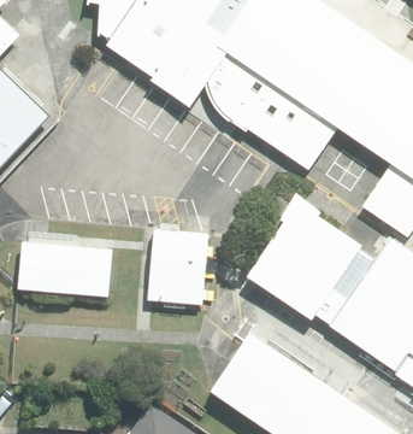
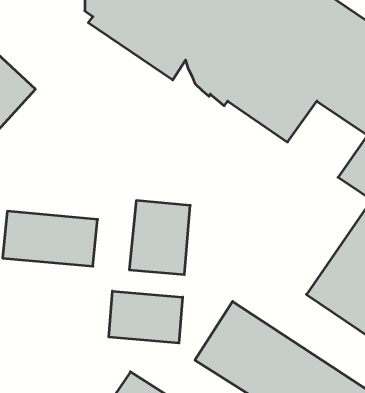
building: [247,200,362,318] -> none
building: none -> [109,291,183,343]

